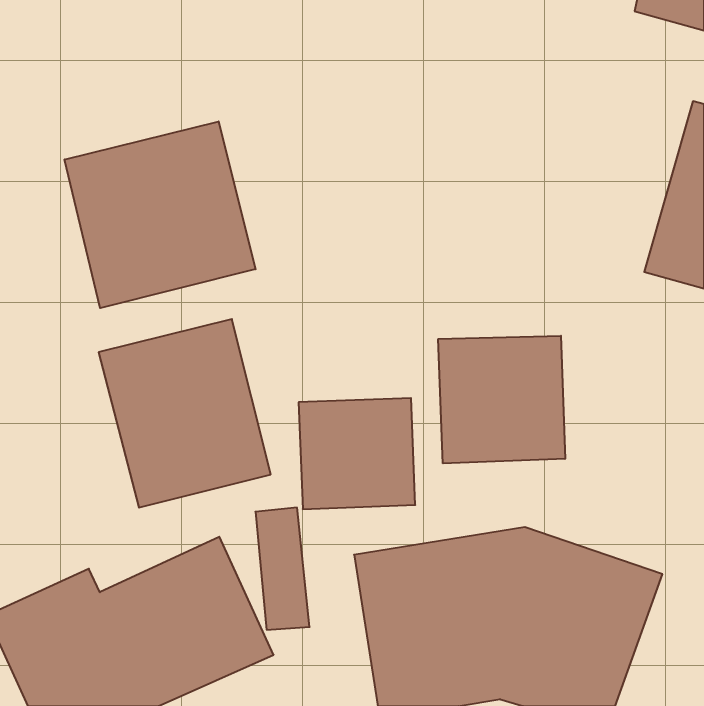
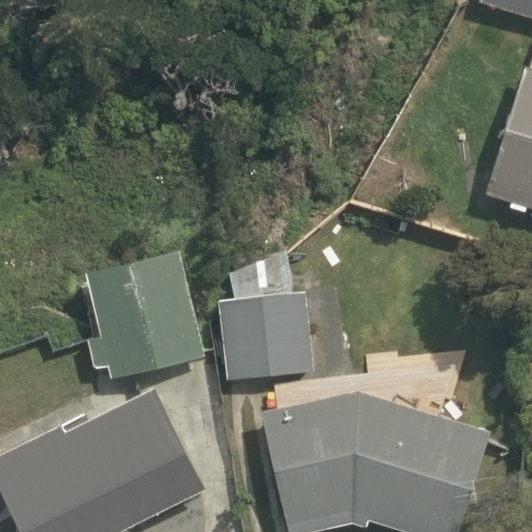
building: [65,121,256,308] -> none
building: [438,336,565,463] -> none

